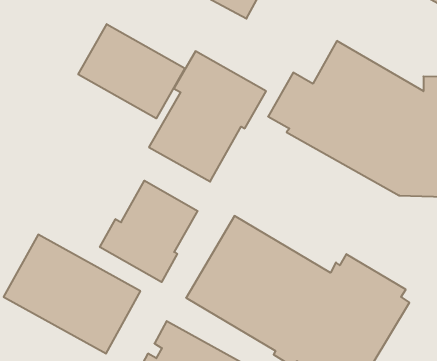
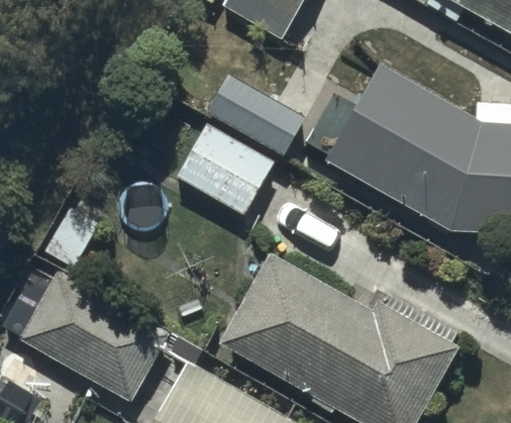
building: [78,24,185,118] -> none
building: [100,181,198,282] -> none

